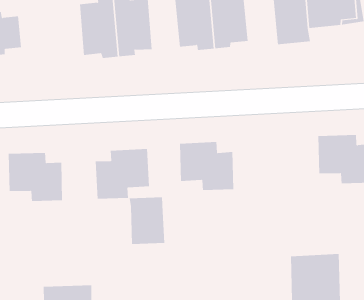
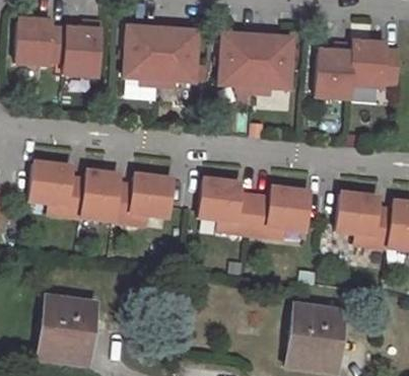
building: none -> [63,21,100,76]
building: none -> [250,186,310,236]
building: [129,197,165,244] -> [80,170,119,220]

